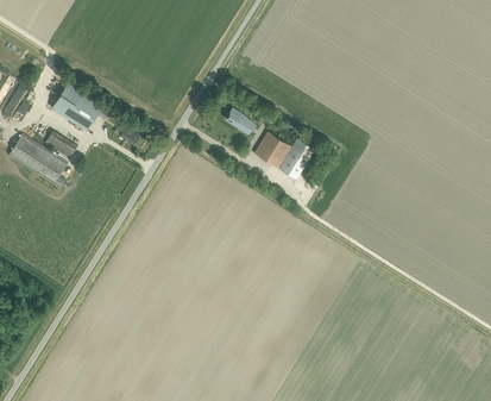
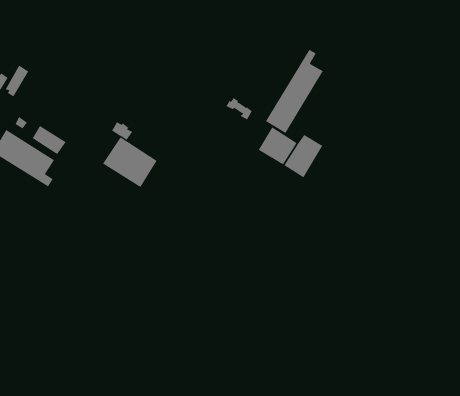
building: none -> [265,49,323,134]
building: [51,83,102,131] -> [102,137,157,188]

